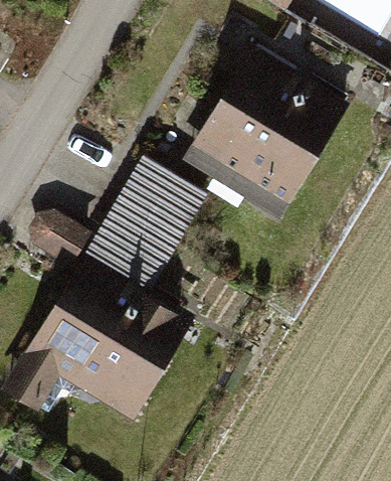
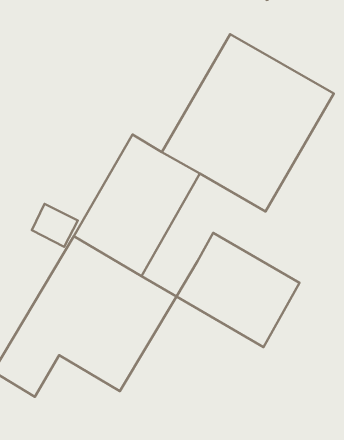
building: none -> [177,233,300,347]

